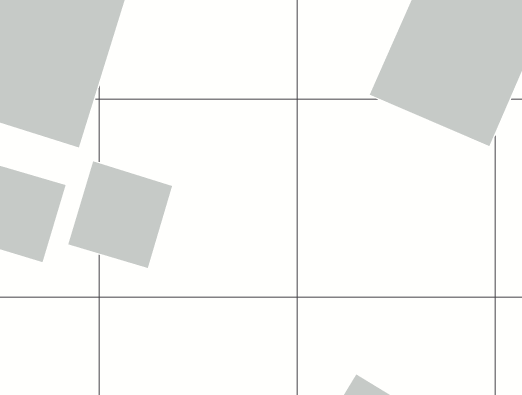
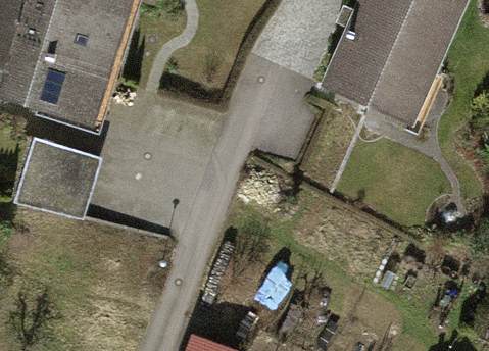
building: [67,161,173,269] -> none

